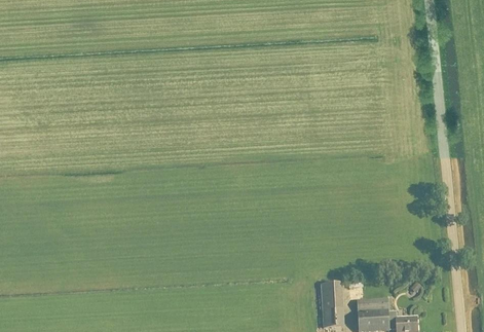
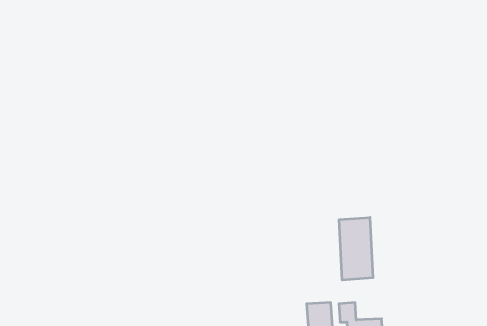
building: none -> [339,217,373,280]

